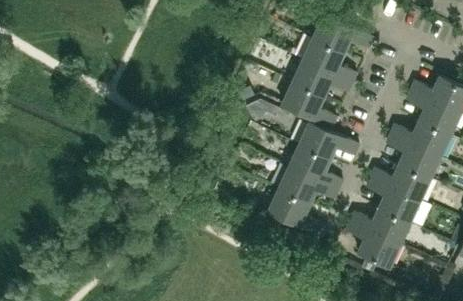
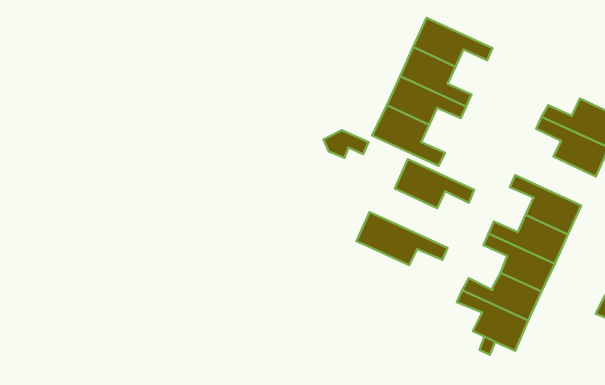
building: [390,120,451,157] -> none
building: [289,144,343,189] -> none
building: [268,188,323,234] -> none

